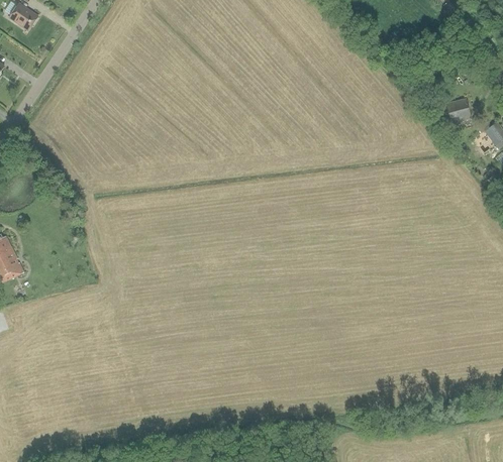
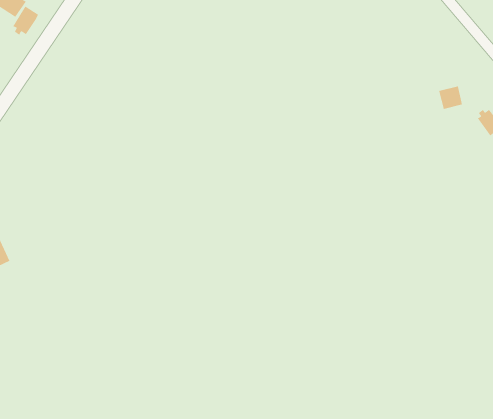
building: none -> [12,5,39,36]

